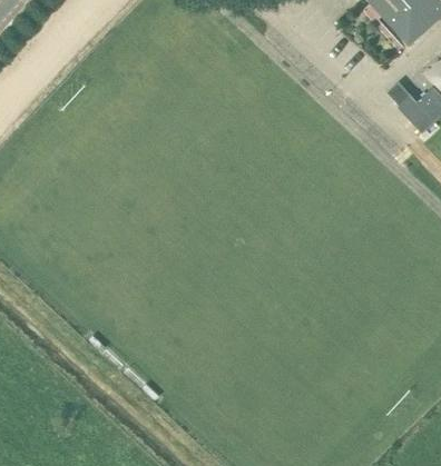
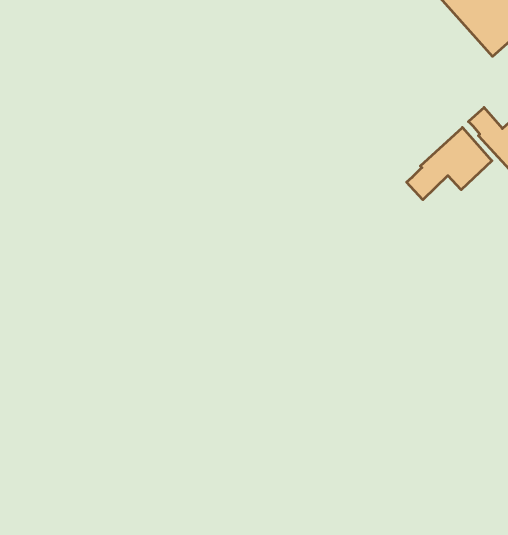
building: none -> [407,127,492,200]

